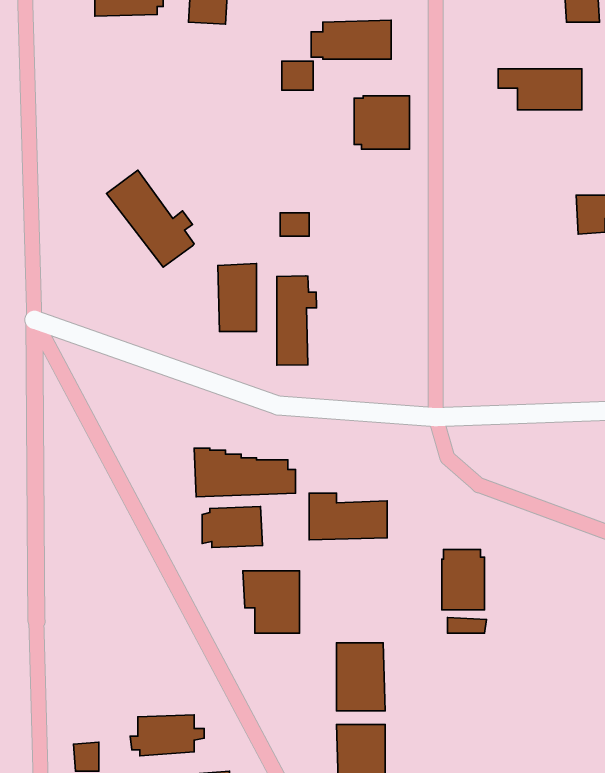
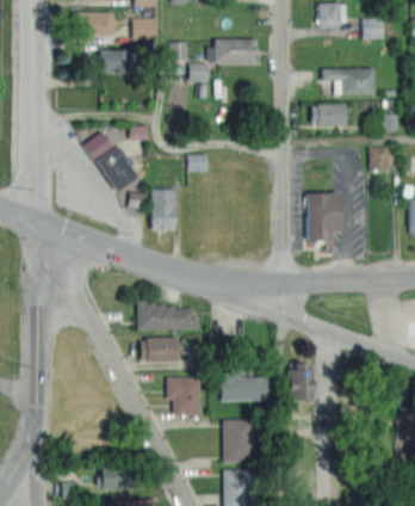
building: none -> [100,50,131,73]
building: [354,96,409,149] -> none
building: none -> [311,104,346,124]
building: none -> [306,191,340,241]
building: [277,276,317,365] -> none
building: [309,493,387,540] -> [221,371,268,400]

